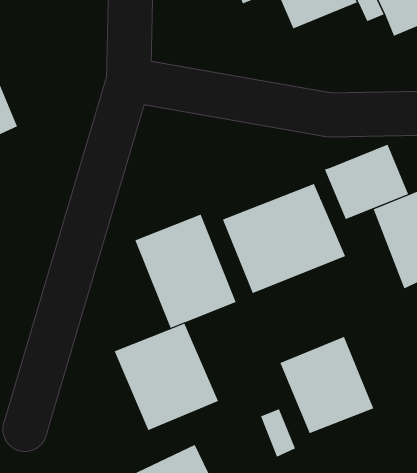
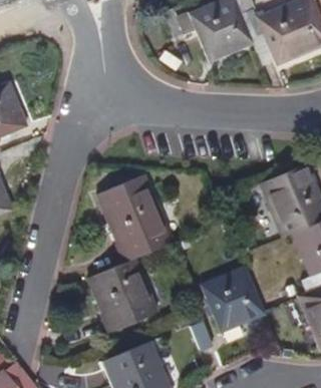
building: [324,144,409,220] -> none
building: [222,183,346,294] -> none

